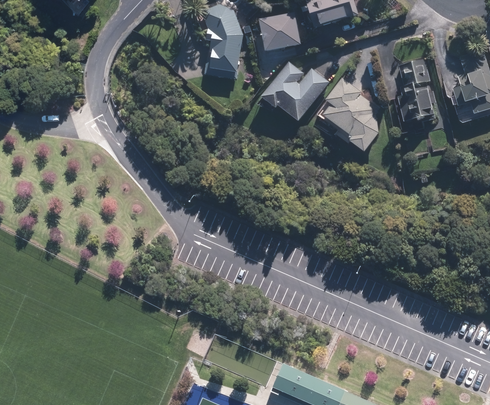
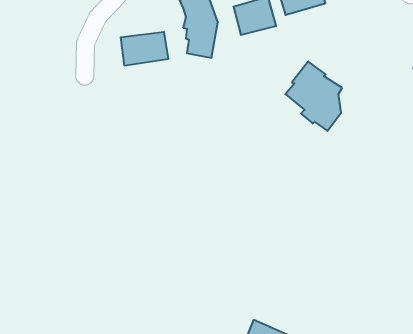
building: none -> [121,32,168,66]
building: [399,58,437,121] -> none
building: [258,63,327,125] -> none

